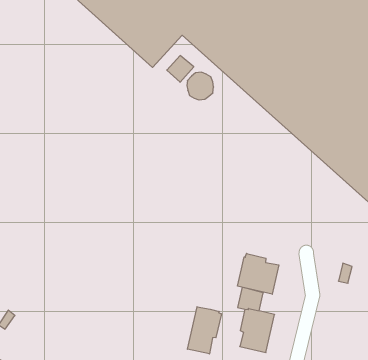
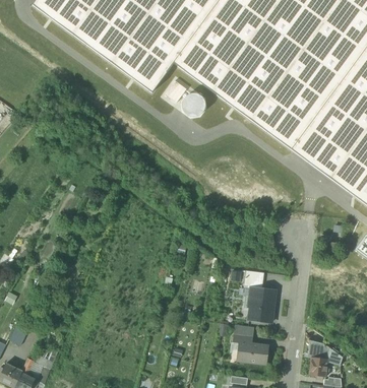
building: [238,253,279,294] -> none
building: [187,307,222,354] -> none

